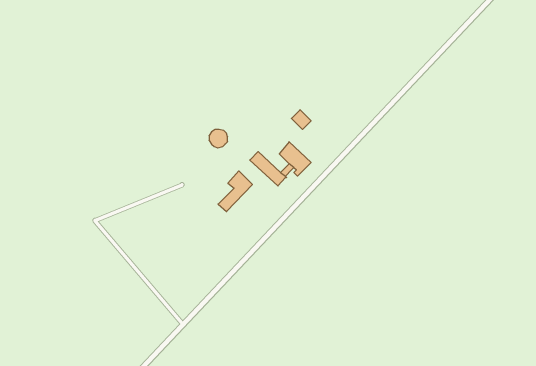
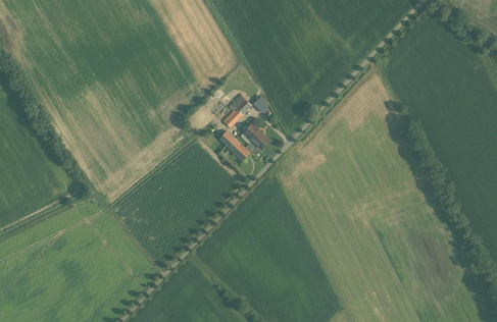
building: [218,171,252,212] -> [223,94,252,127]

